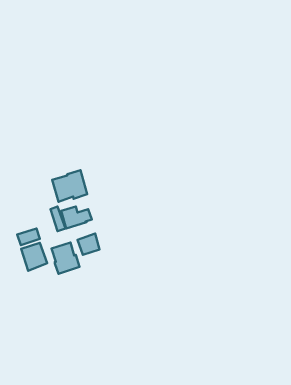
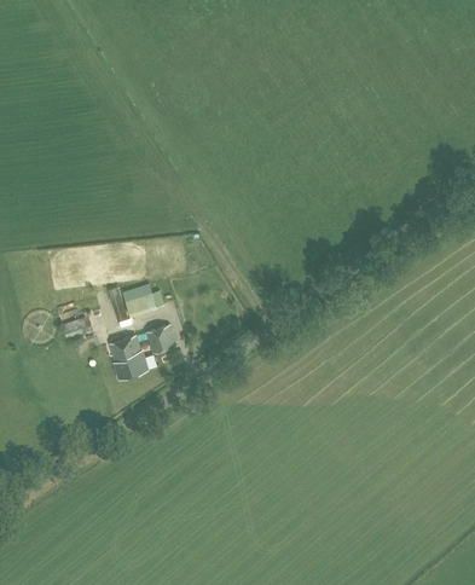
building: [52,170,87,202] -> none
building: [21,243,47,271] -> none

